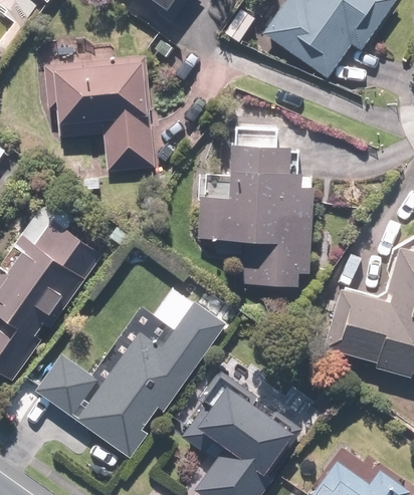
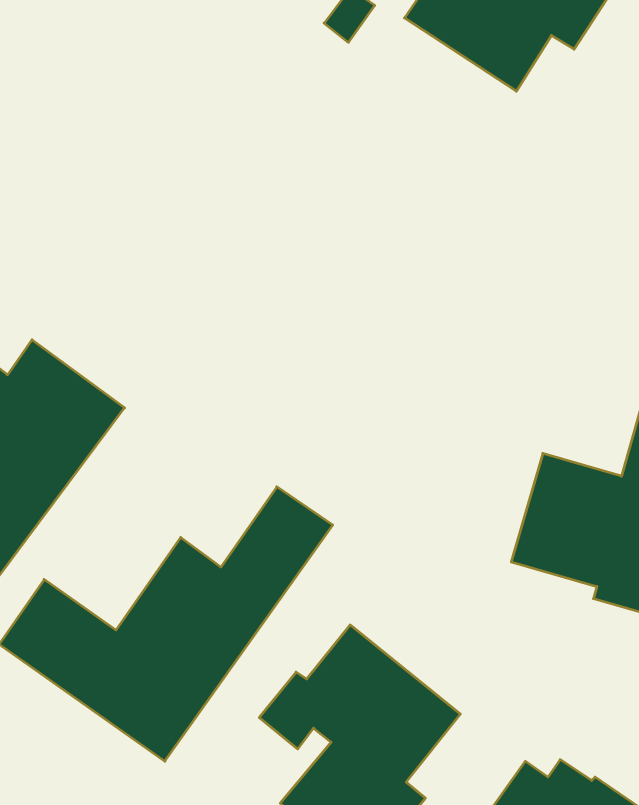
building: [44,55,153,172] -> none
building: [197,127,313,285] -> none

